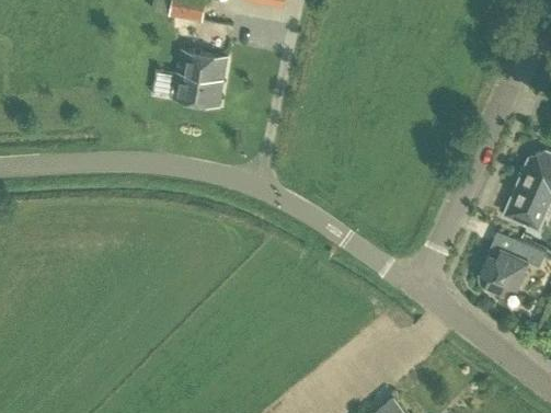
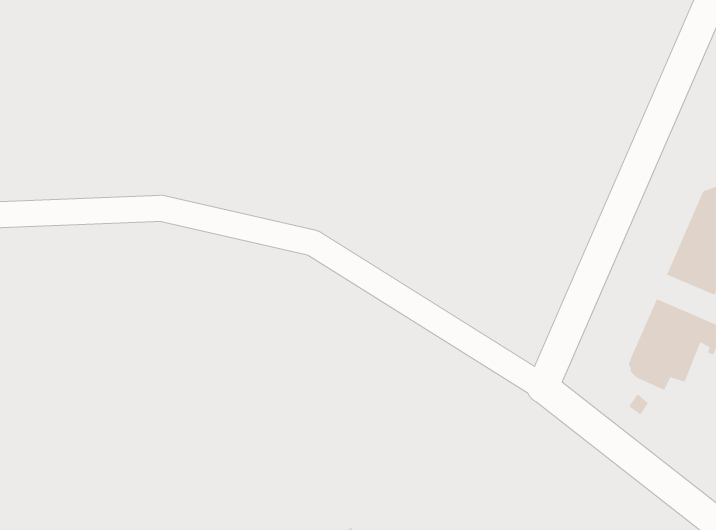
building: [171,50,227,106] -> none

